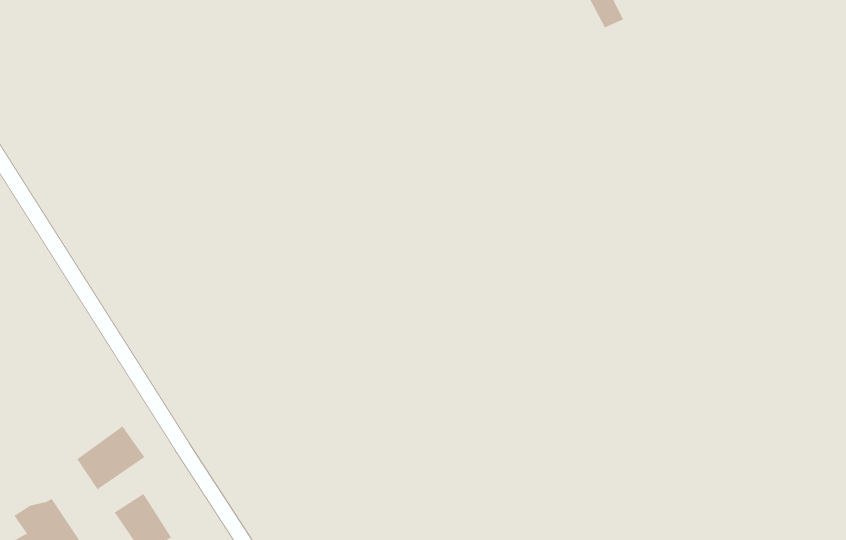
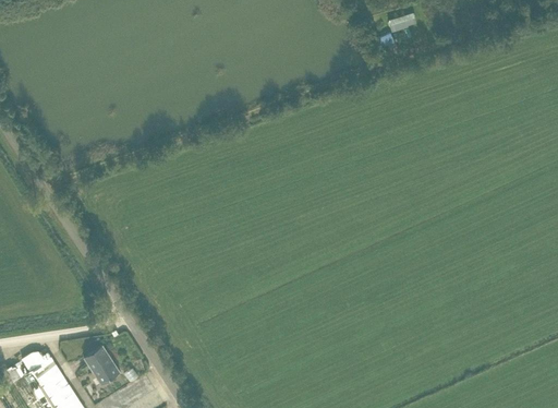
building: [76,425,145,490] -> none

